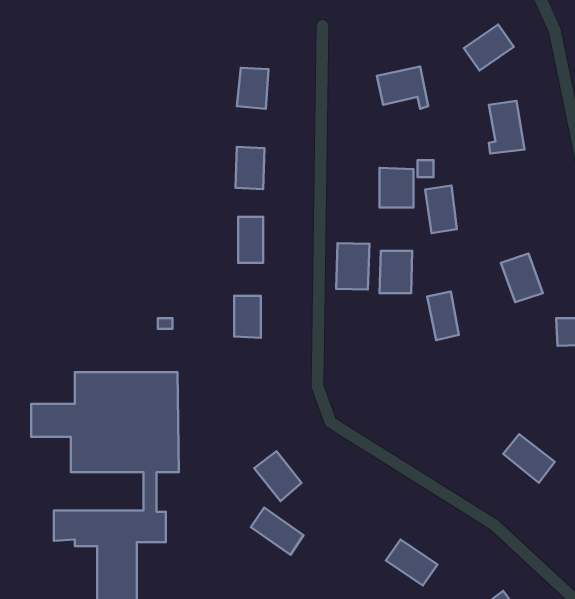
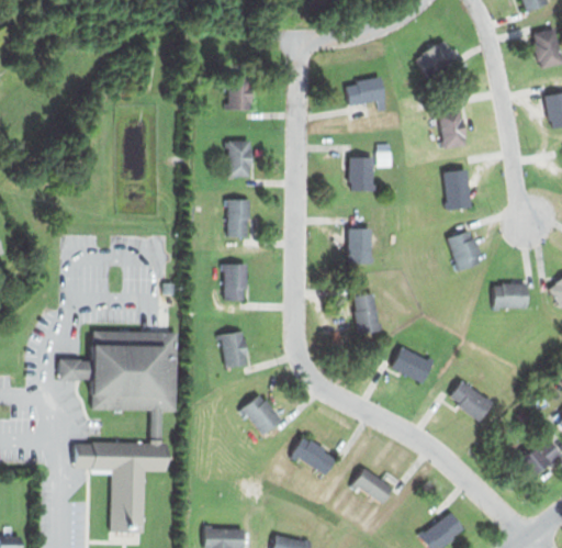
building: [425,186,457,233] -> [443,170,470,210]
building: [336,243,369,289] -> none
building: [427,291,459,340] -> [352,292,379,333]
building: none -> [220,332,249,369]
building: none -> [391,347,432,384]
building: [251,508,304,555] -> [292,438,336,478]

